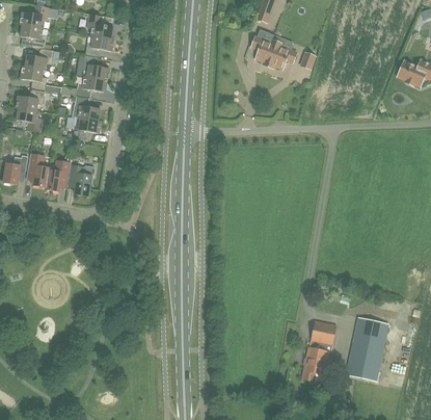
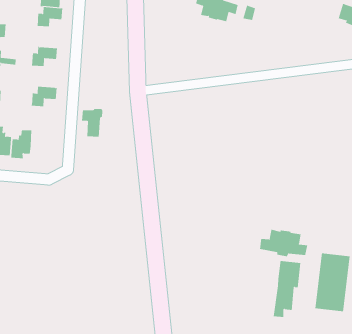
building: [83,54,109,79] -> none
building: [74,95,101,120] -> none
building: [71,164,95,194] -> [81,109,103,137]
building: none -> [260,229,308,257]

